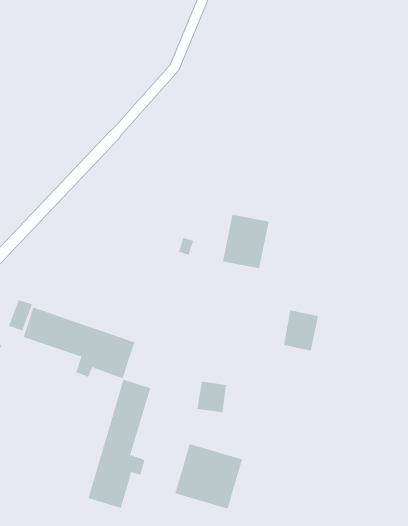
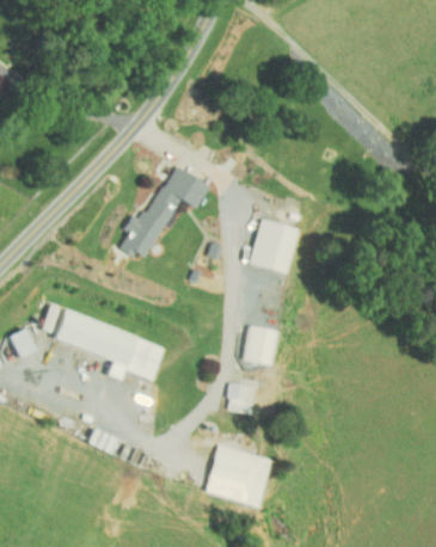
building: none -> [119,164,209,260]
building: [283,310,319,351] -> [242,324,277,364]
building: [88,379,151,509] -> none

